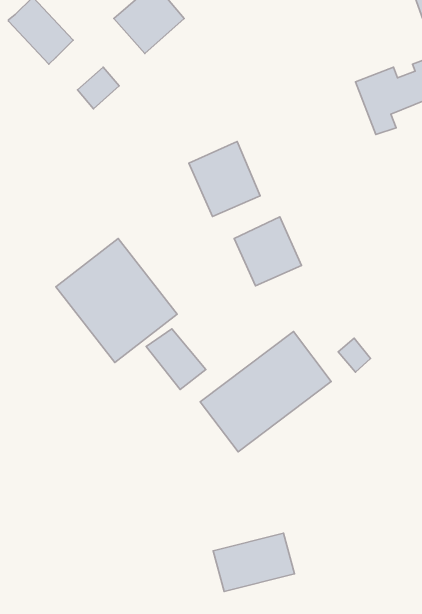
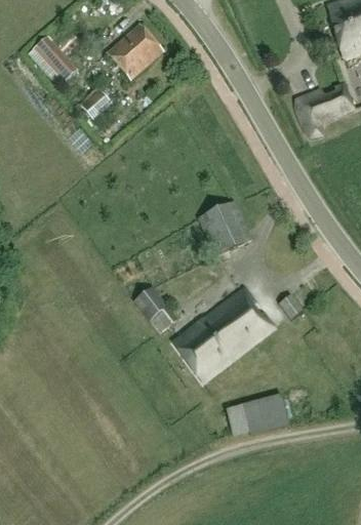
building: [189,142,260,216] -> none
building: [56,238,177,363] -> none
building: [213,533,294,591] -> [231,391,292,435]

